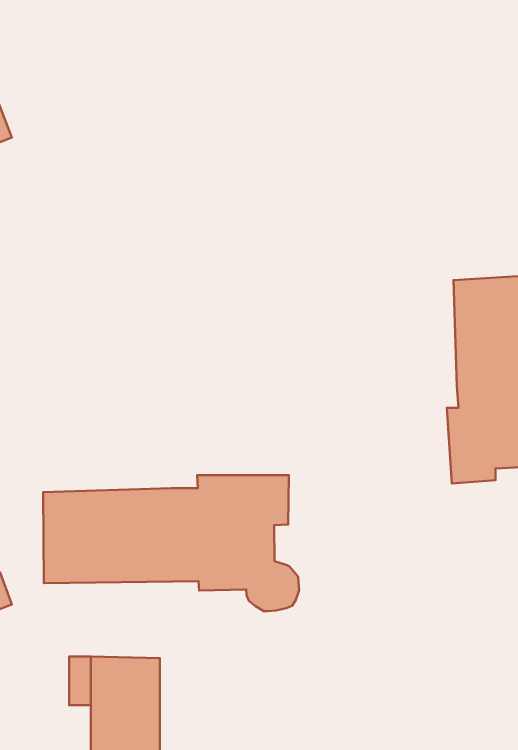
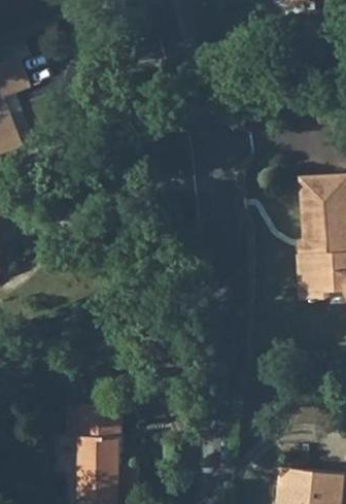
building: [43,475,299,611] -> none

